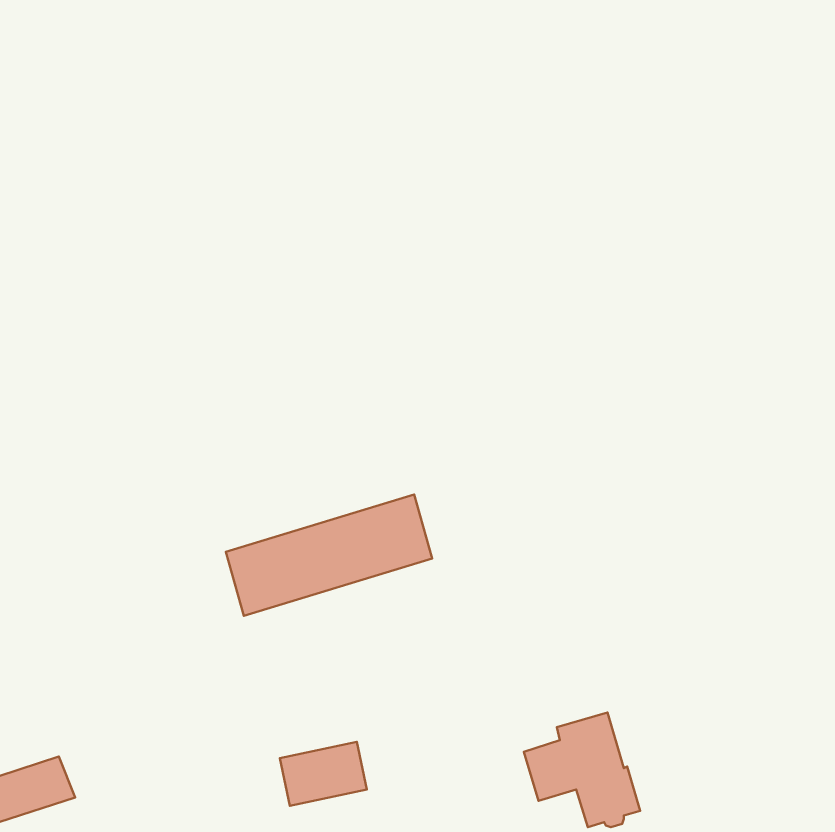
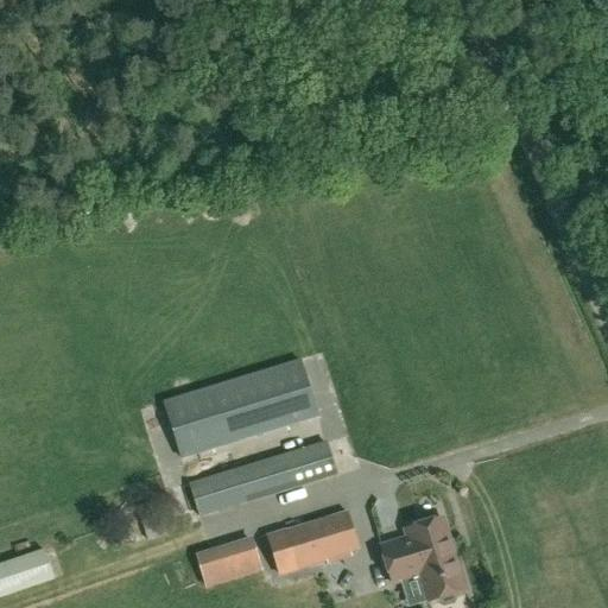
building: none -> [189,441,335,514]
building: none -> [267,511,357,574]

